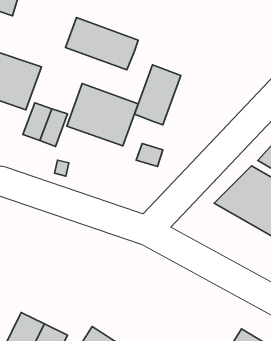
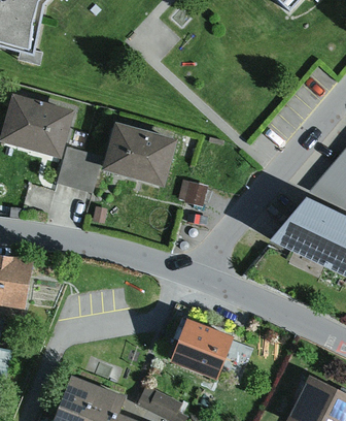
building: [65,18,138,70] -> none
building: [134,65,181,125] -> none
building: none -> [168,316,234,378]

